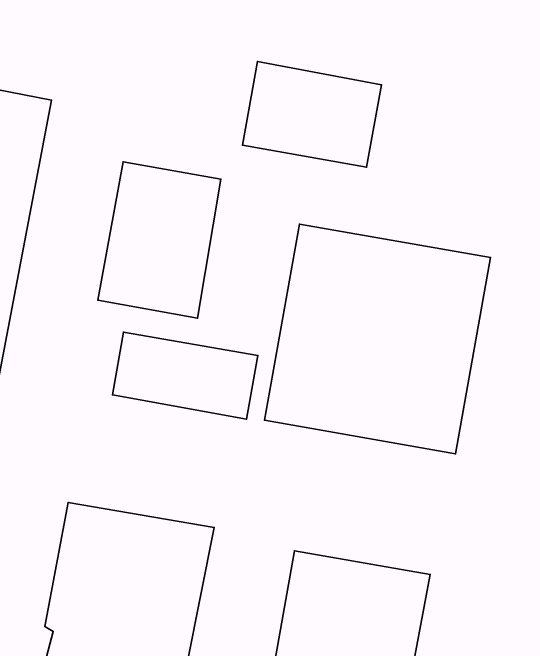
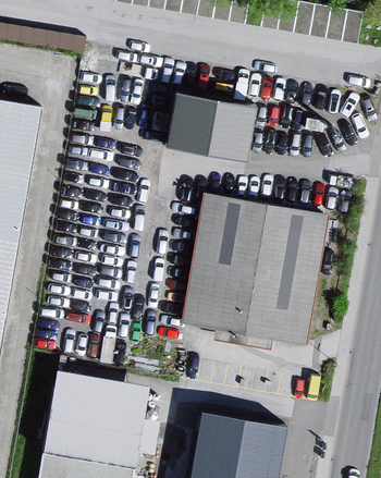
building: [98,162,221,318] -> none
building: [113,332,258,419] -> none

